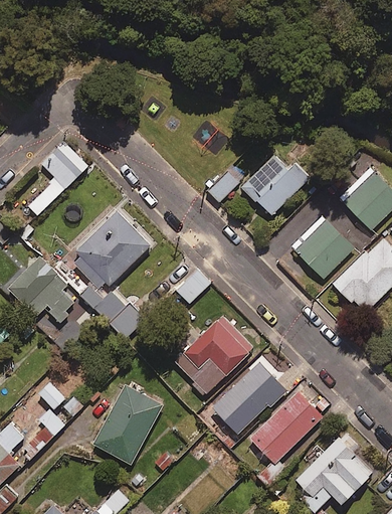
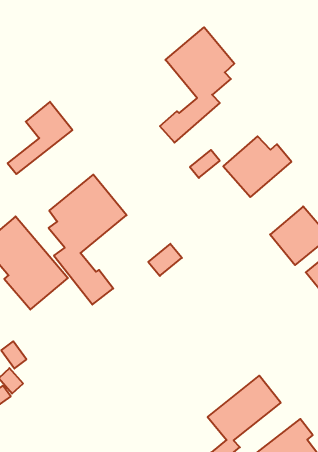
building: none -> [160,27,234,143]
building: [175,321,247,393] -> none
building: [212,362,284,434] -> none
building: [92,385,162,465] -> none

